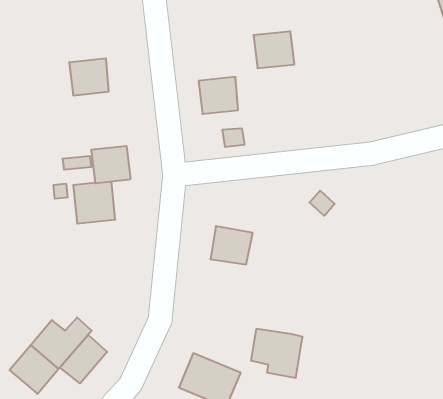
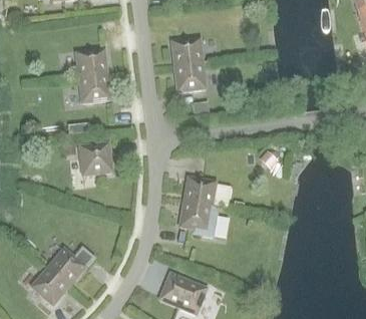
building: [253,31,294,68] -> [171,38,203,66]
building: [91,146,131,183] -> [79,74,109,102]
building: [251,329,303,378] -> [179,202,219,239]
building: [60,335,107,383] -> none

